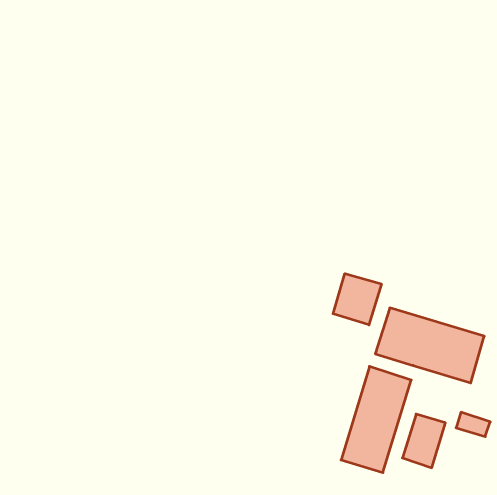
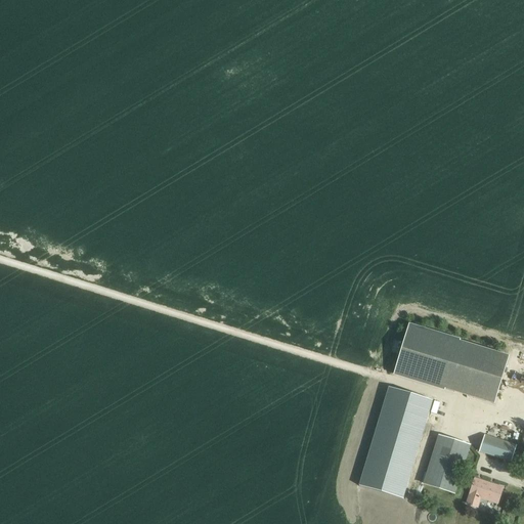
building: [333,274,381,325] -> none
building: none -> [467,476,501,504]

